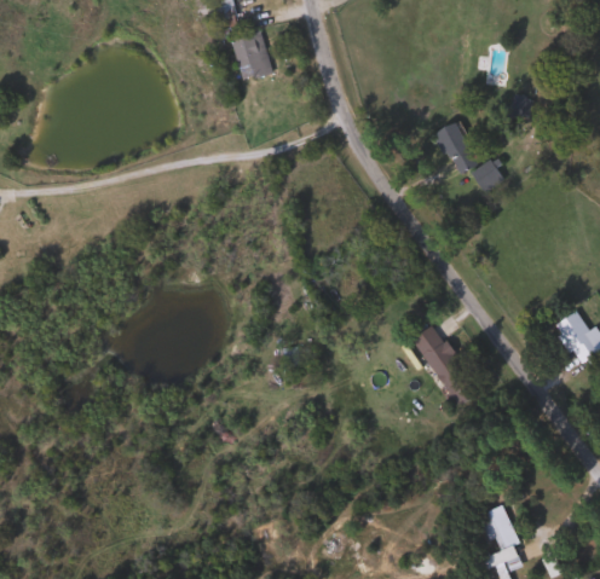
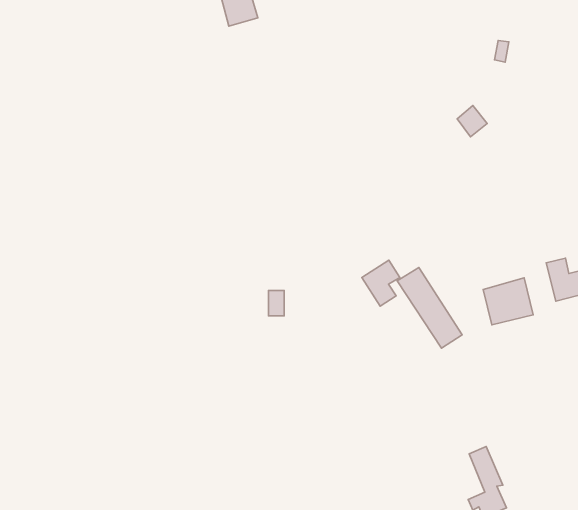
building: [435,121,477,173] -> none
building: none -> [362,260,400,306]
building: none -> [483,278,533,325]

